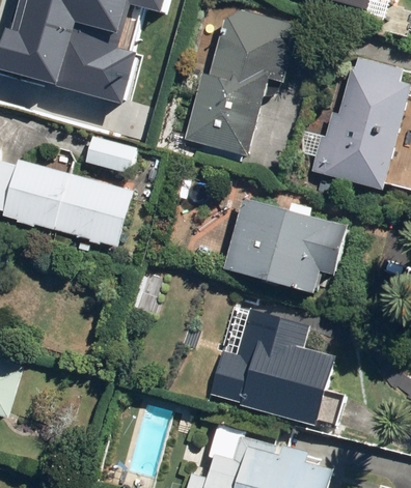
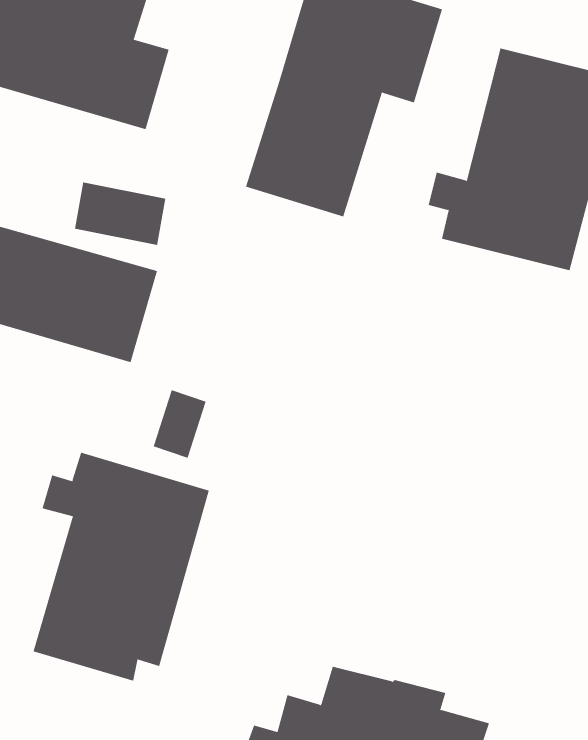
building: [222,198,349,297] -> none
building: none -> [33,452,210,681]
building: [208,304,338,428] -> none

